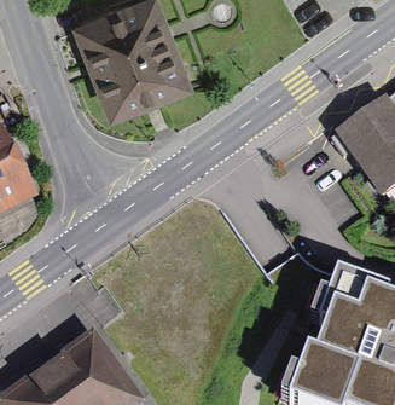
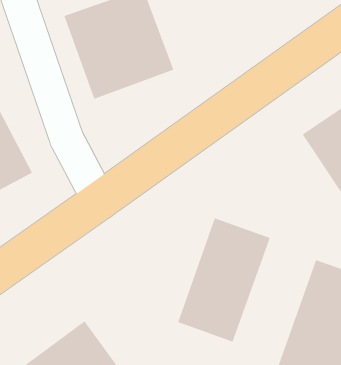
building: none -> [178,218,271,343]

